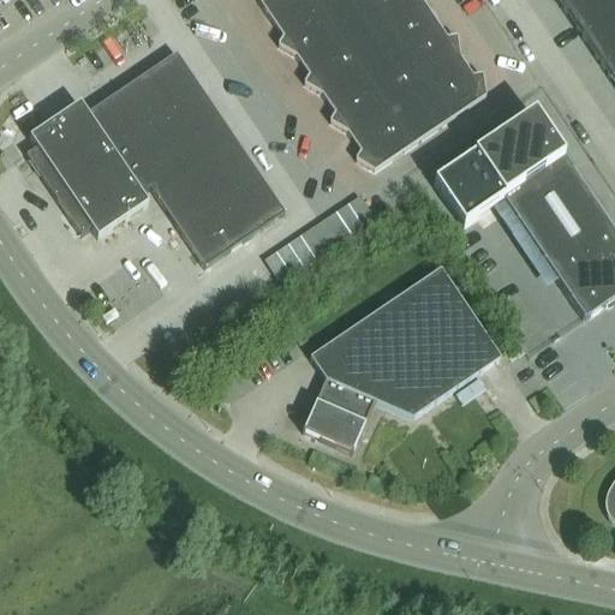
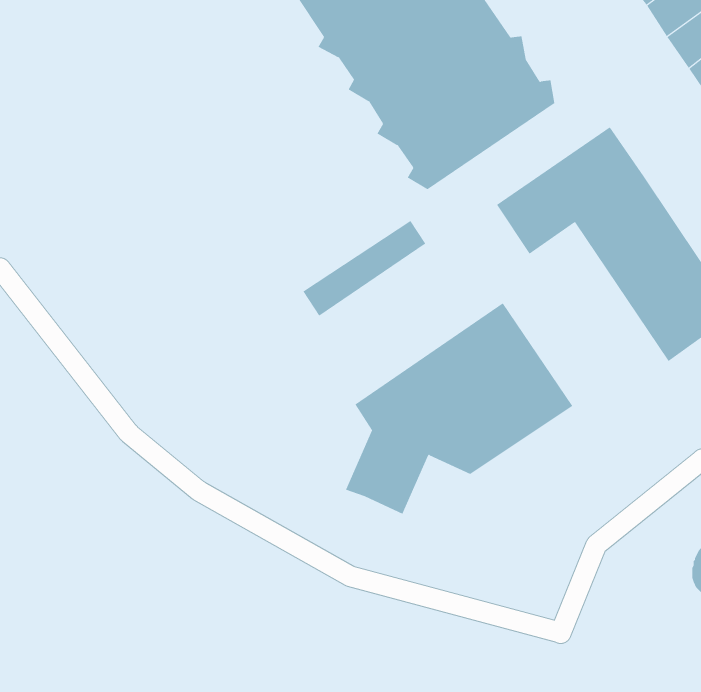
building: [26,48,286,263] -> none

